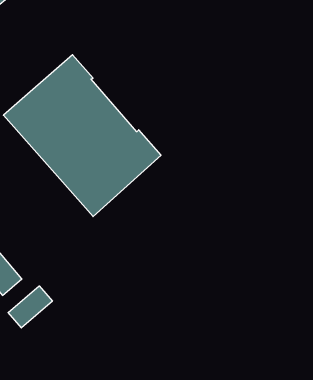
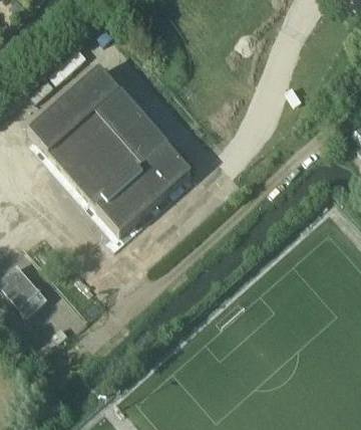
building: [8,286,52,328] -> none

